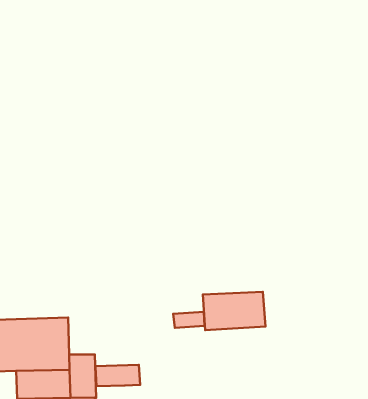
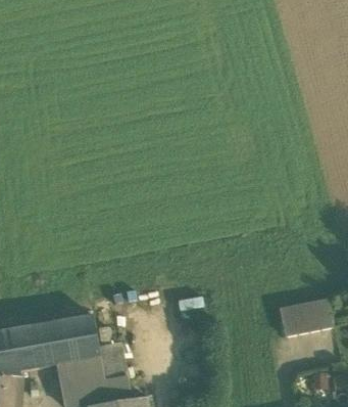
building: [203,292,265,330] -> [280,299,334,336]
building: [95,365,140,386] -> none

